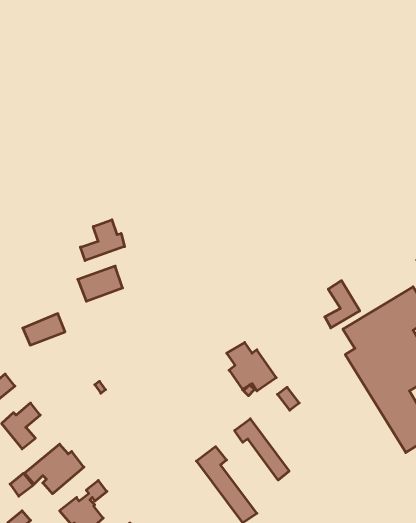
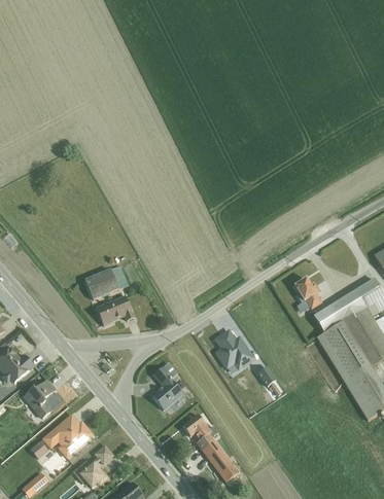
building: [80,220,125,261] -> none
building: [23,314,65,345] -> [97,294,133,321]
building: none -> [151,361,186,412]
building: [235,419,289,480] -> none

